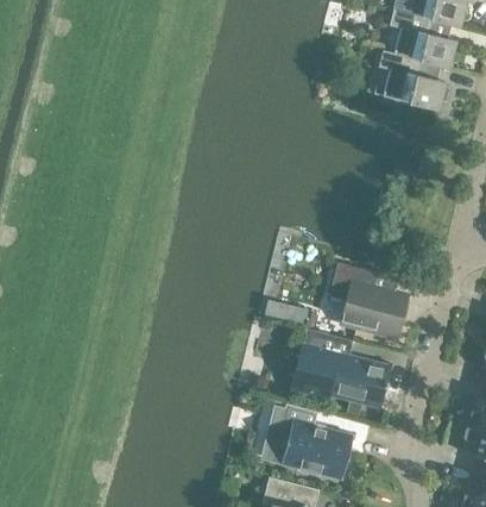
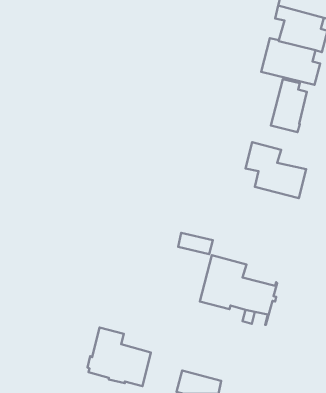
building: none -> [271,79,307,132]
building: [332,263,409,334] -> [246,142,306,198]
building: [273,403,354,478] -> [88,327,151,386]

